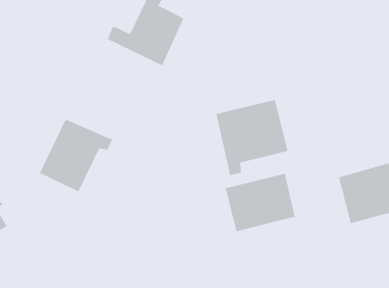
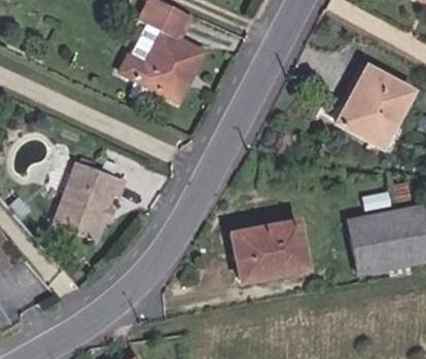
building: none -> [333,71,406,145]
building: [216,99,288,176] -> none

